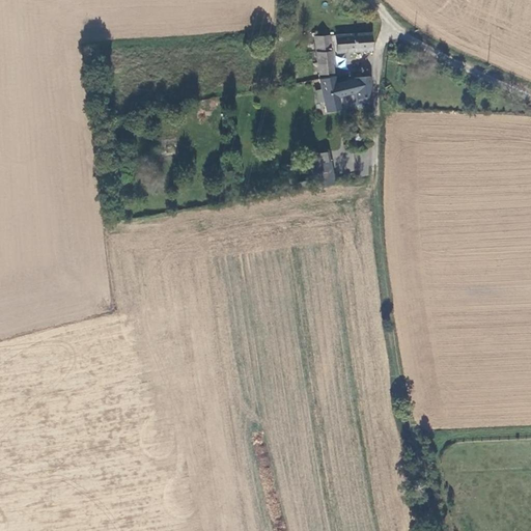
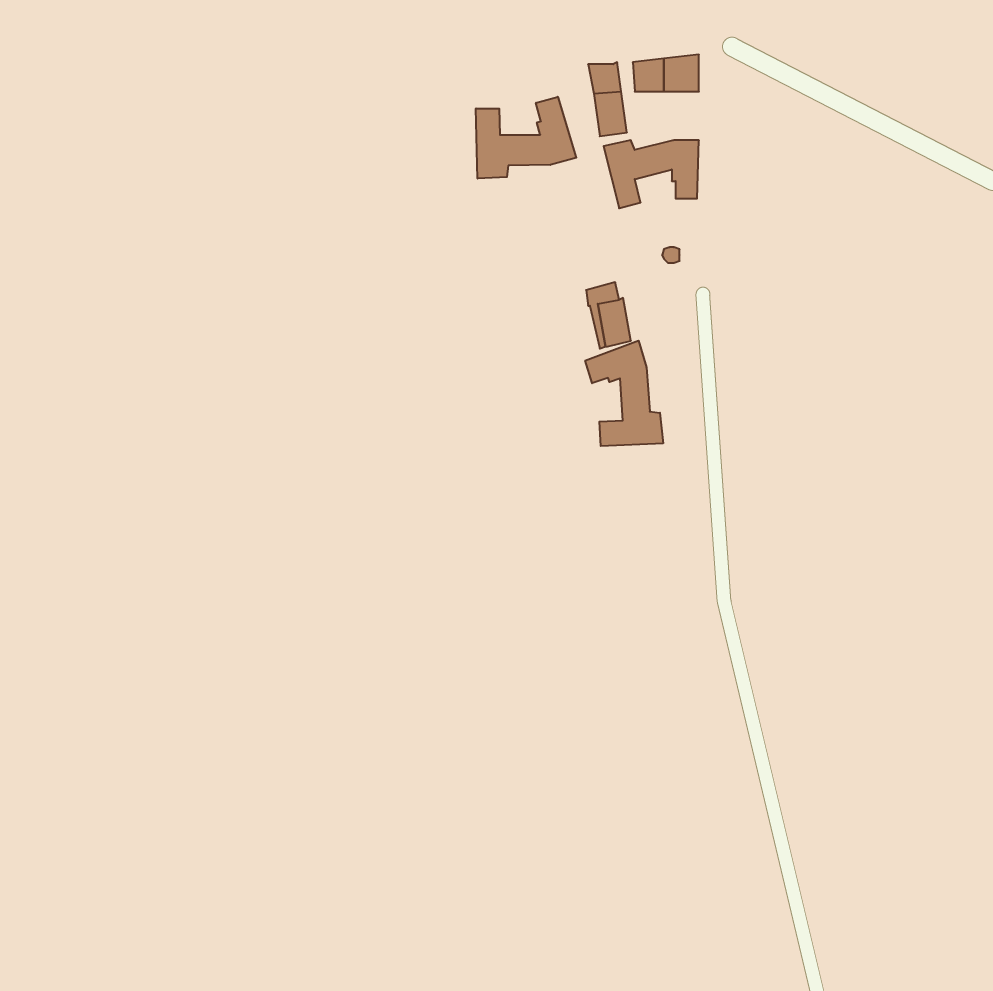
building: none -> [476,97,576,179]
building: none -> [585,341,663,446]

